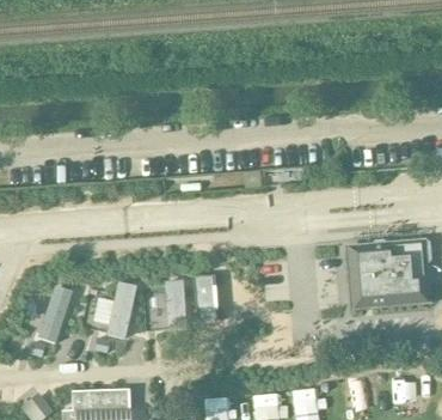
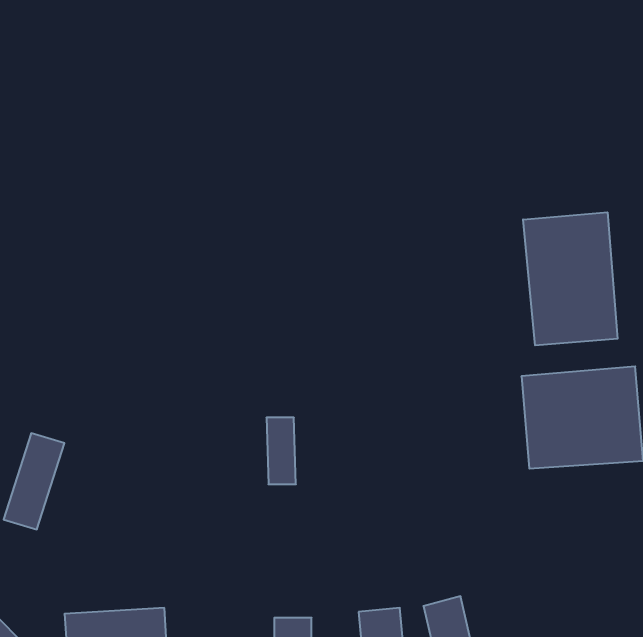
building: none -> [523,212,618,345]
building: [152,279,185,324] -> none
building: [108,281,134,339] -> none

